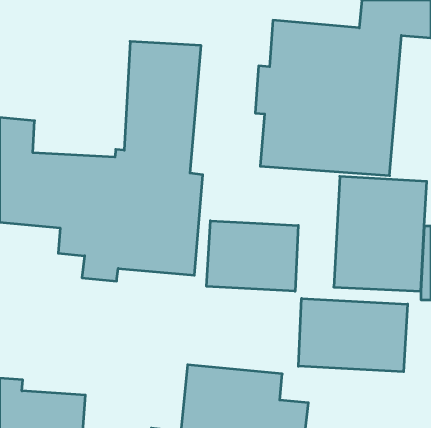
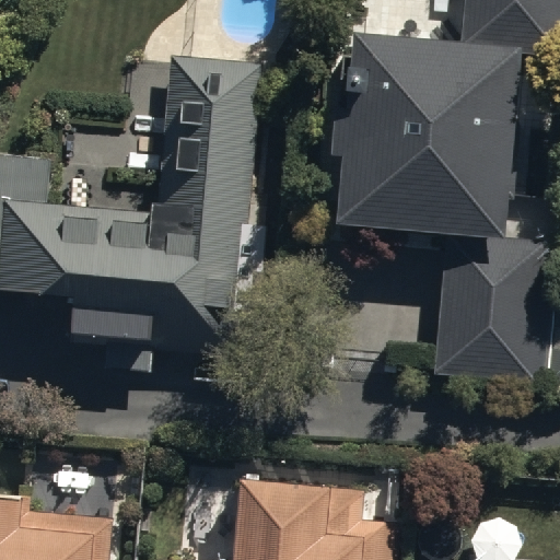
building: [207,221,298,291] -> none
building: [298,298,408,372] -> none

